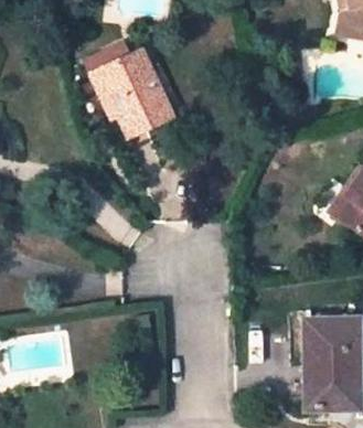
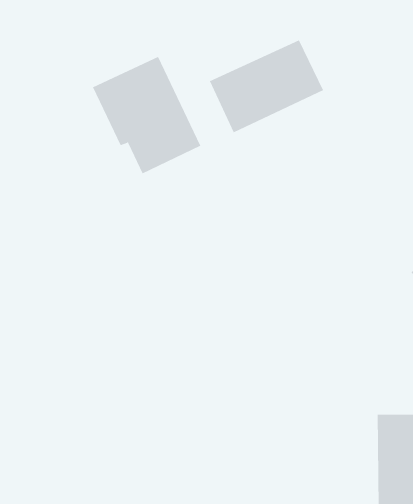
building: none -> [209,40,324,133]

